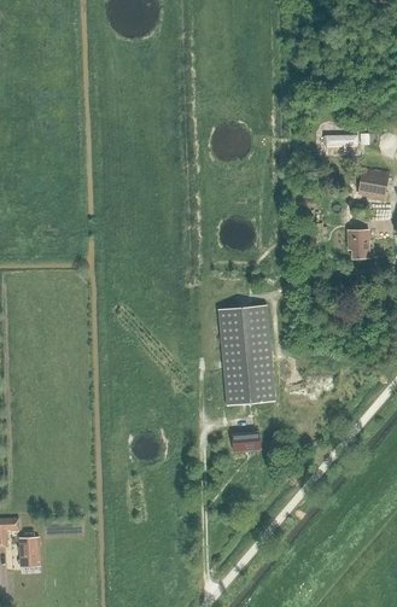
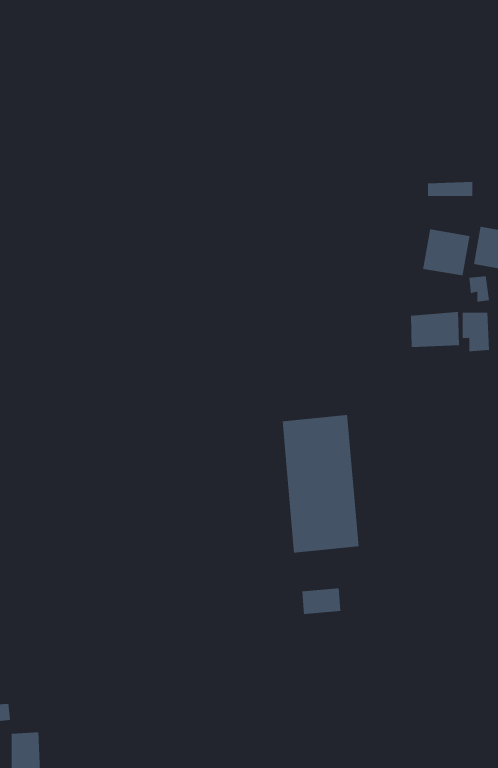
building: none -> [423,229,470,276]
building: none -> [410,311,459,348]

